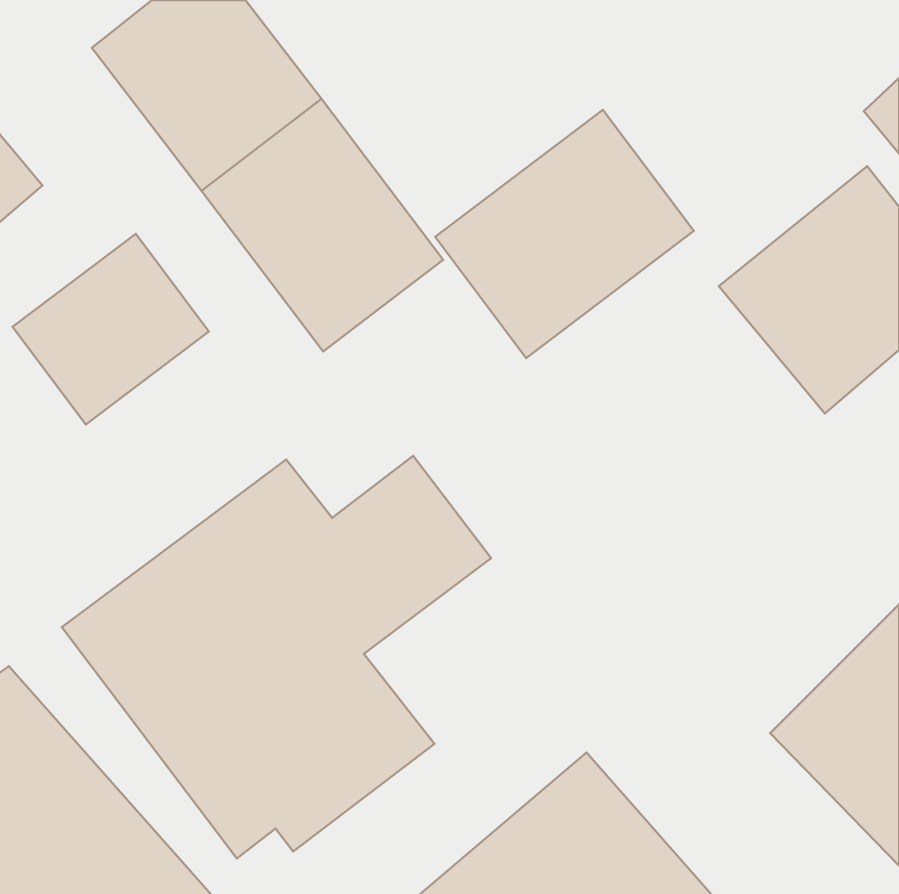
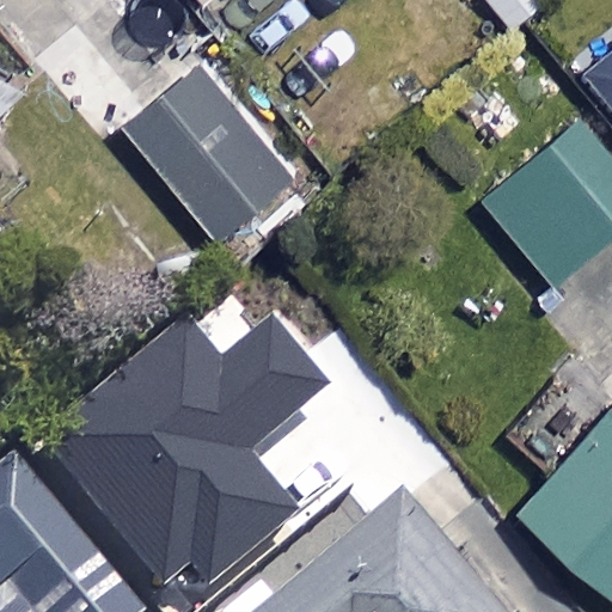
building: [435,110,694,358] -> none
building: [13,234,209,425] -> none

